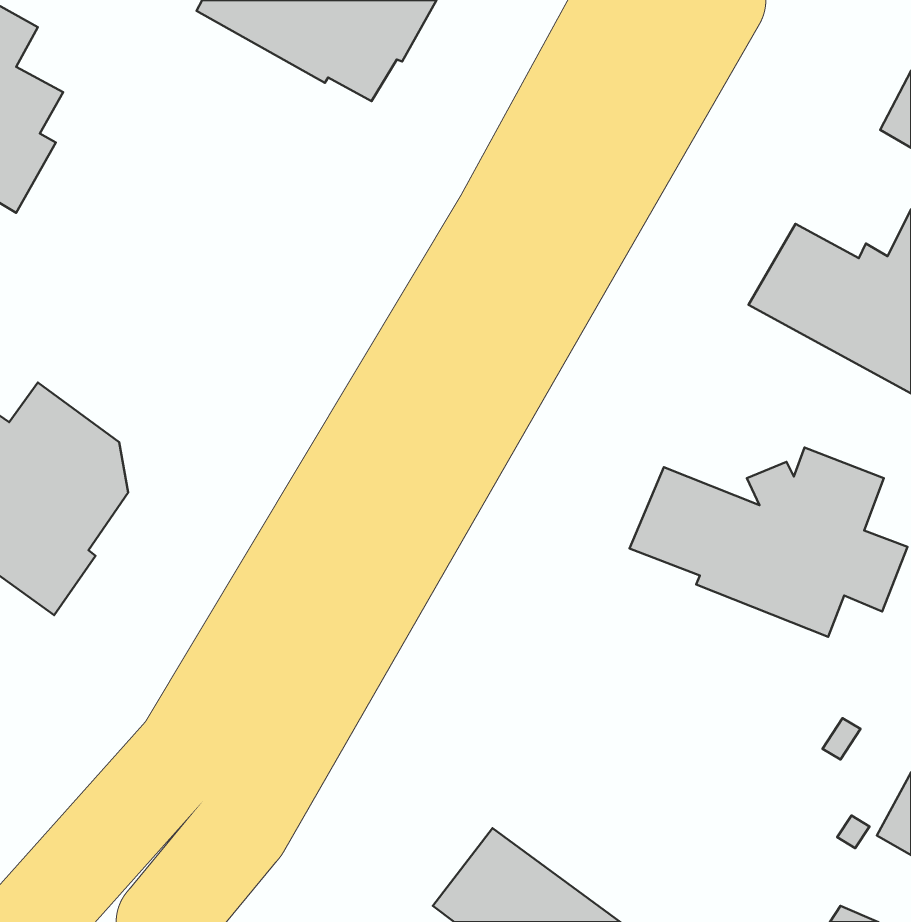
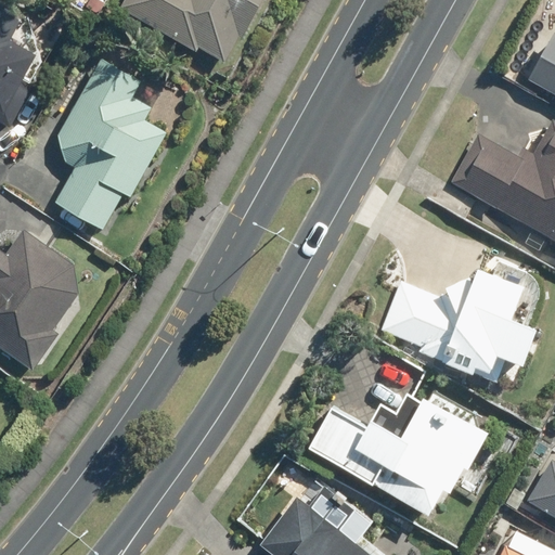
building: none -> [54,60,165,230]
building: none -> [311,392,493,515]

